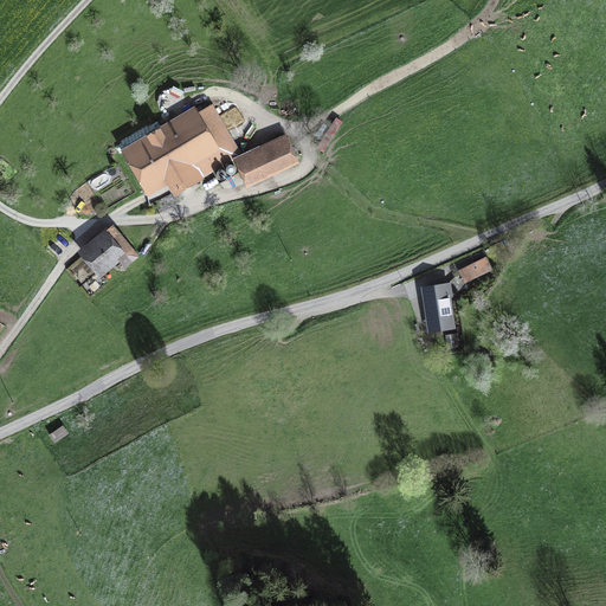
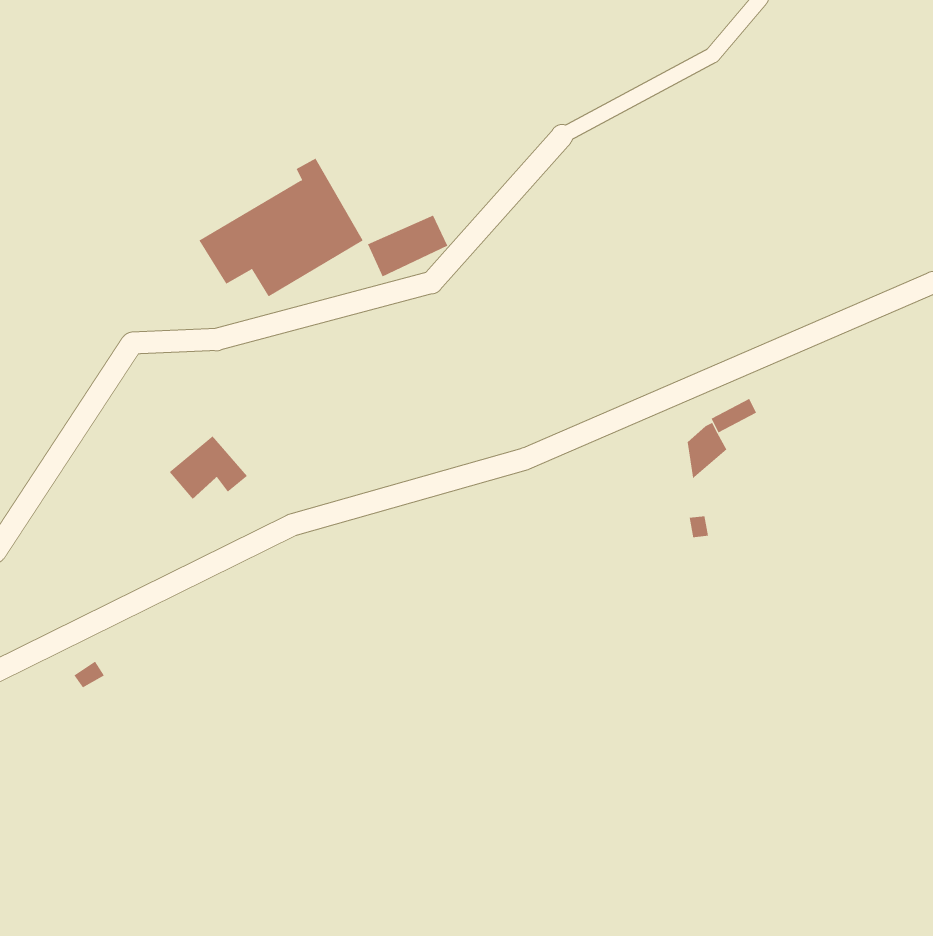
building: [82,228,133,270] -> [169,435,248,500]
building: [423,285,449,325] -> none

